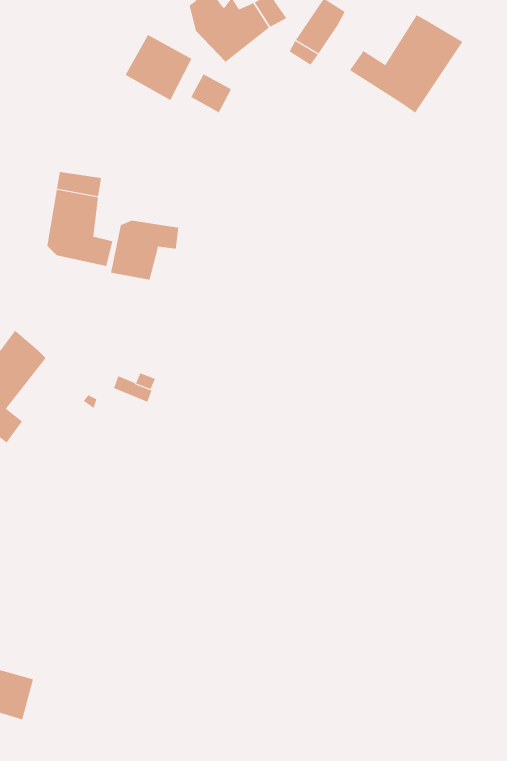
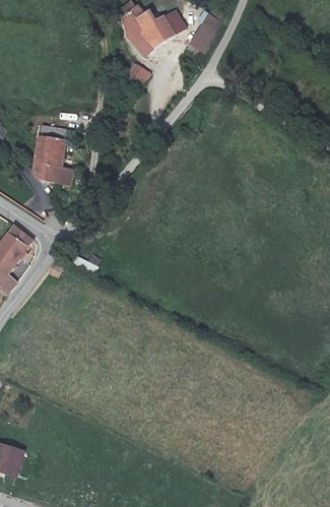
building: [349,14,463,113] -> none
building: [125,34,192,101] -> none
building: [111,220,179,281] -> none

